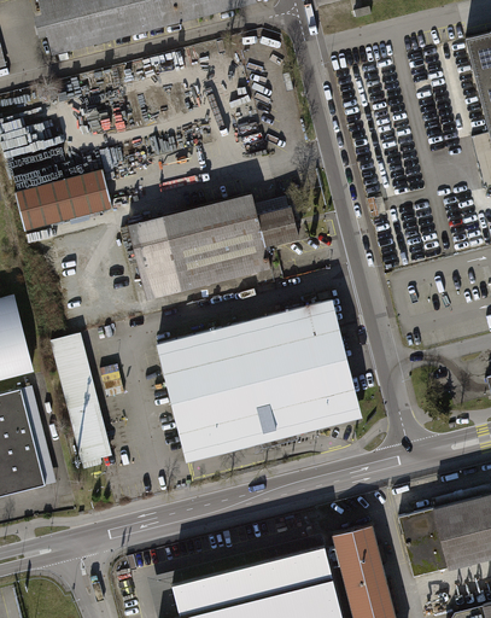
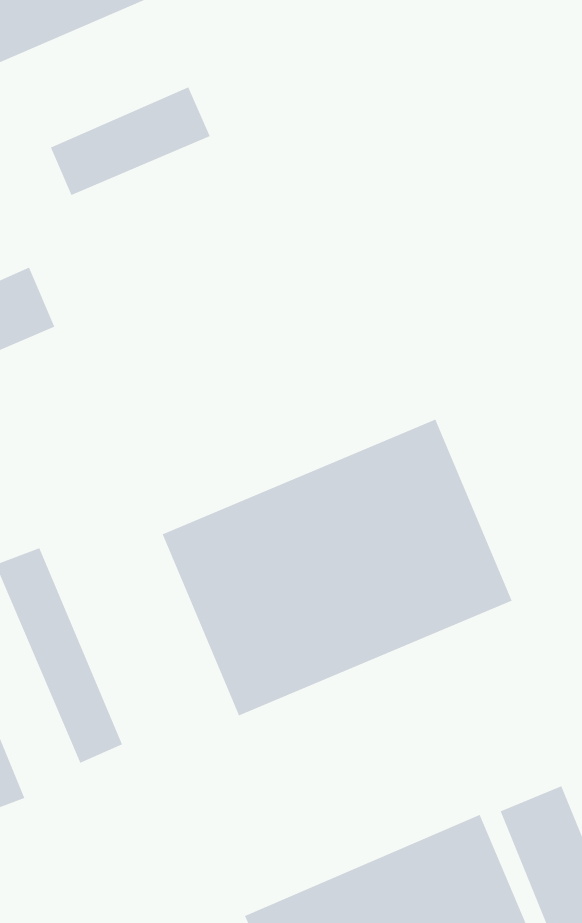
building: none -> [50,87,210,196]
building: [128,191,298,297] -> none

